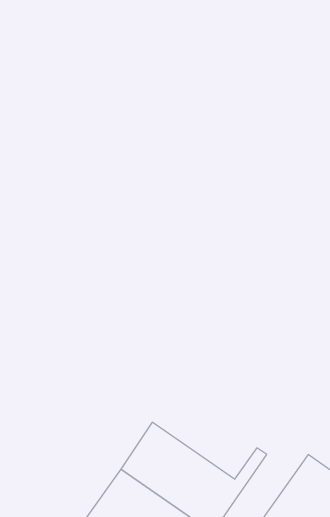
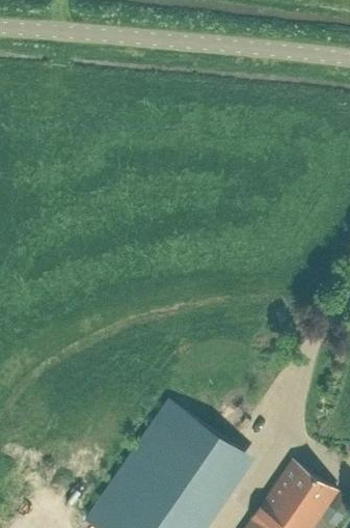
building: none -> [146,401,244,483]

